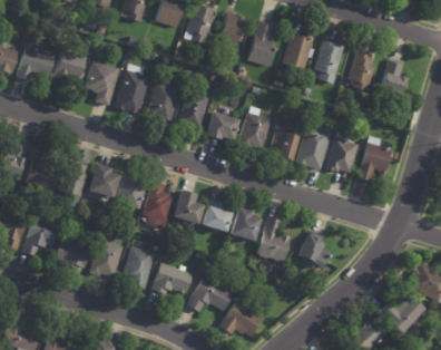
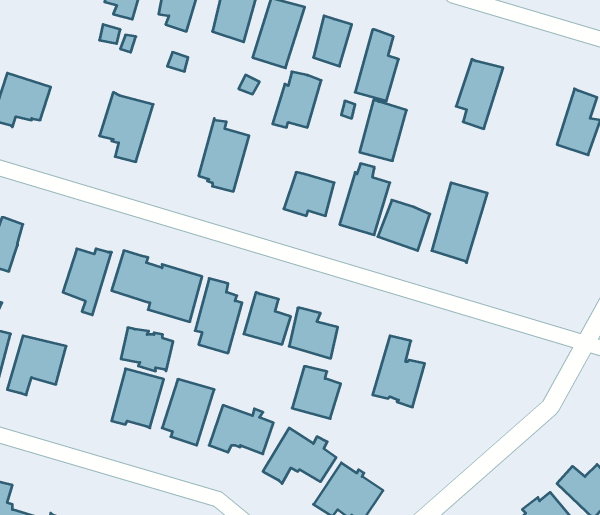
building: [282,31,312,70] -> [360,100,407,161]
building: [52,50,86,89] -> none
building: [346,52,372,93] -> none
building: [115,70,149,116] -> none
building: [176,93,207,128] -> [273,72,321,127]
building: [356,136,391,183] -> none
building: [322,137,355,174] -> none
building: [28,146,59,188] -> none
building: [234,208,265,242] -> [292,366,341,419]
building: [300,232,333,268] -> none
building: [56,240,89,268] -> [121,328,173,371]

